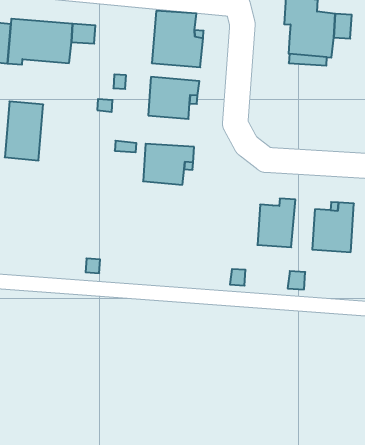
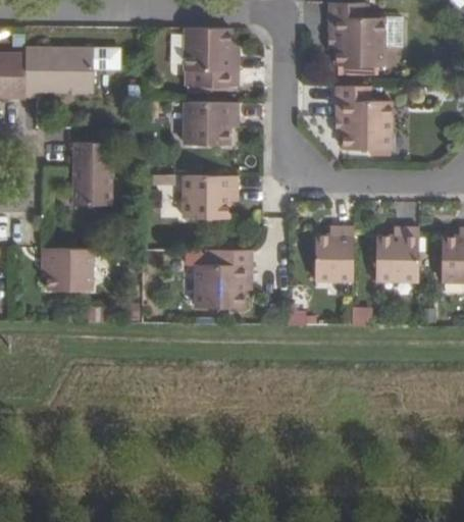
building: none -> [336,87,391,151]
building: [5,101,43,160] -> [73,143,112,206]
building: none -> [43,249,93,291]
building: none -> [196,251,252,309]

